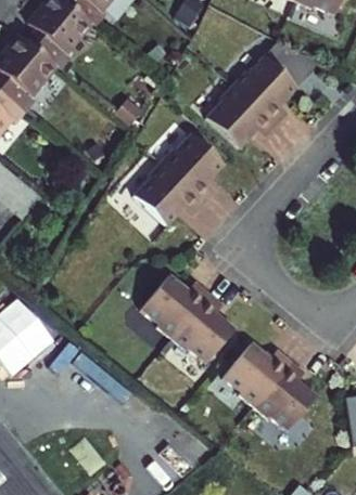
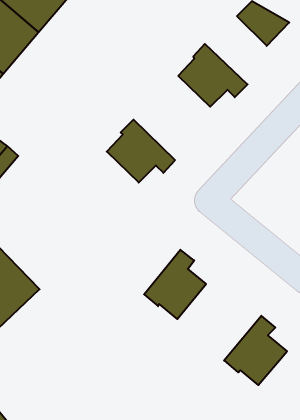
building: [231,56,296,126] -> none
building: [158,132,223,203] -> none
building: [138,275,206,339] -> none
building: [219,342,289,406] -> none

